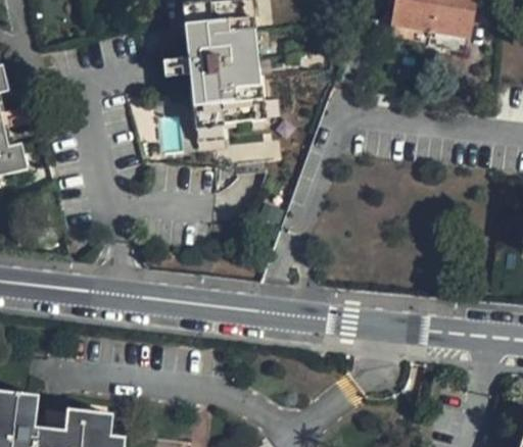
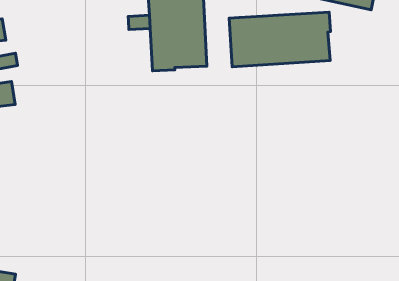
building: none -> [229,12,331,67]

